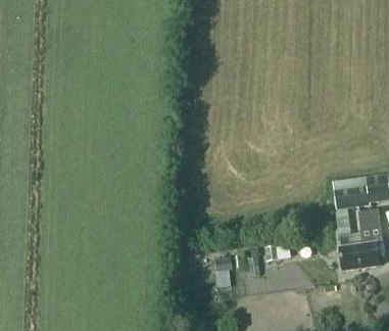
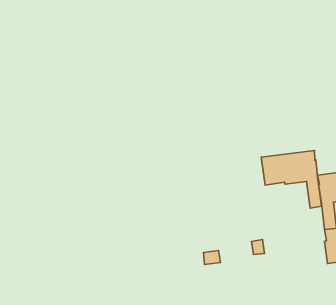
building: none -> [261,151,322,208]

